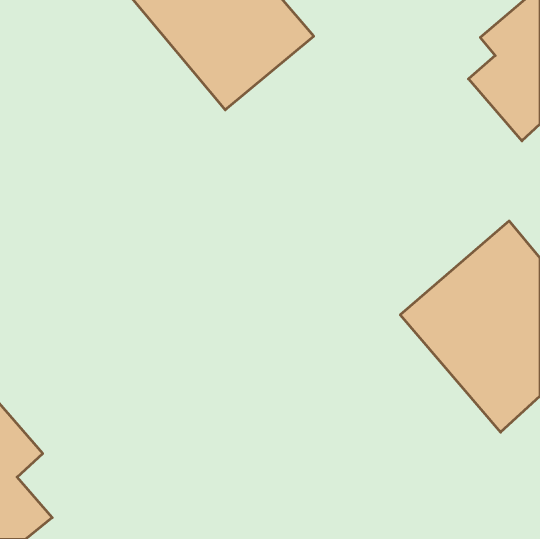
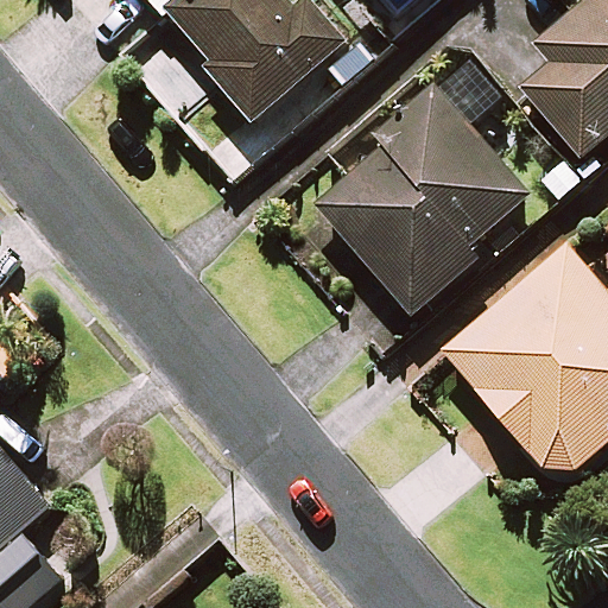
building: none -> [315,84,533,309]

